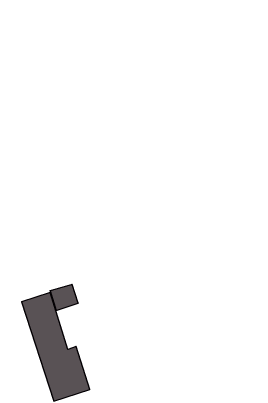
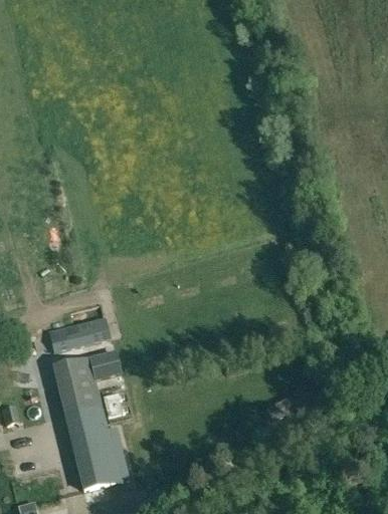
building: none -> [49,317,109,350]

